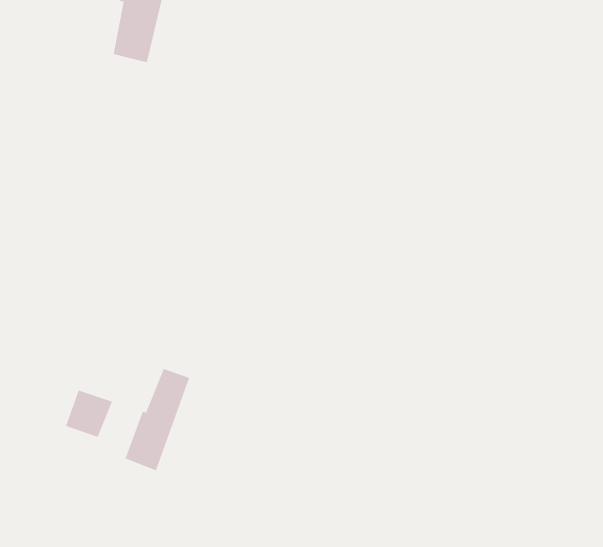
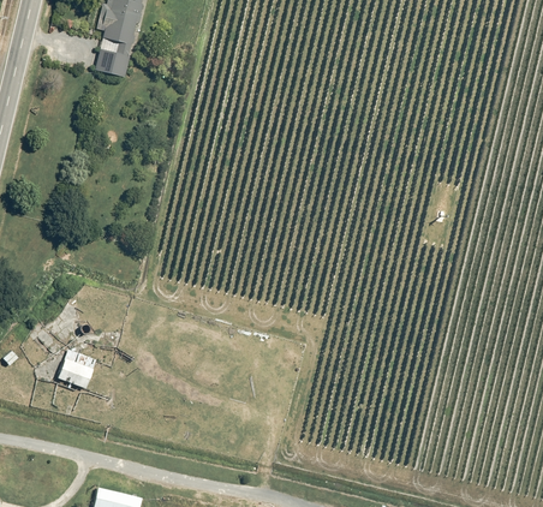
building: [125,368,190,471] -> none

